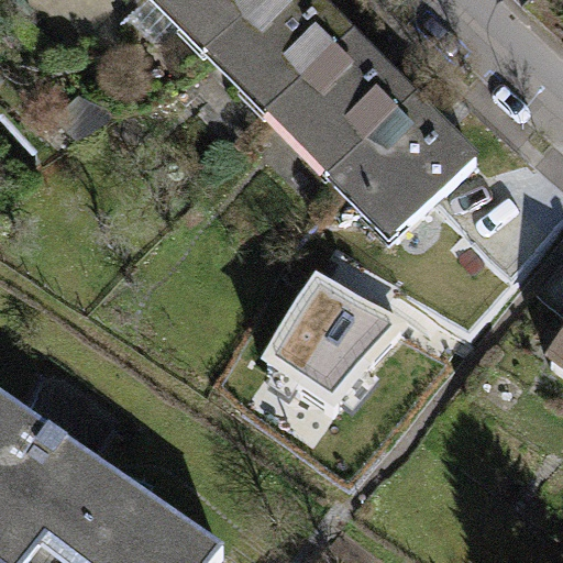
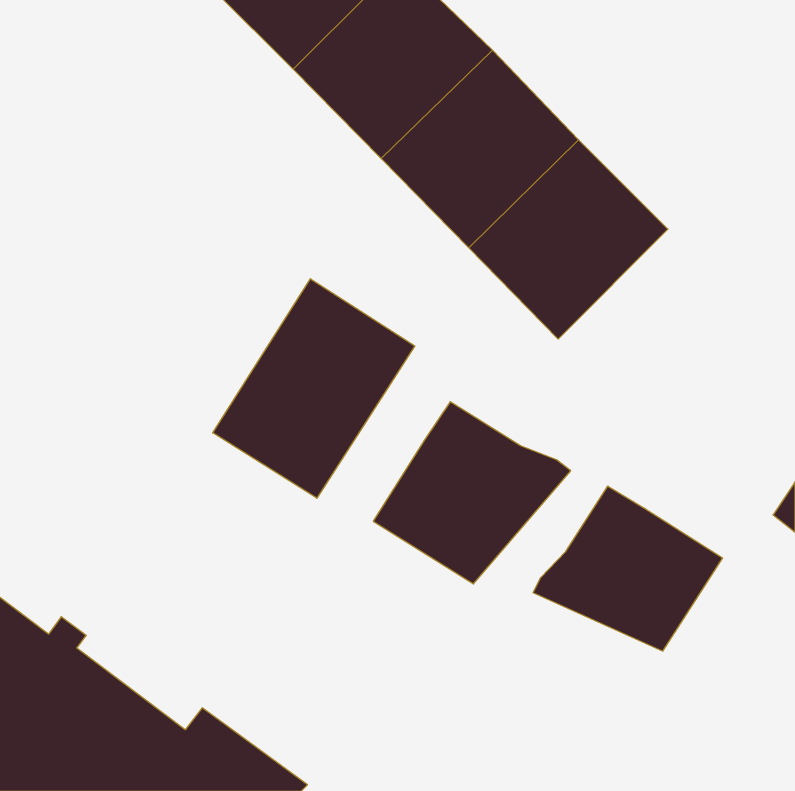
building: none -> [213,279,415,498]
building: none -> [533,486,723,651]

